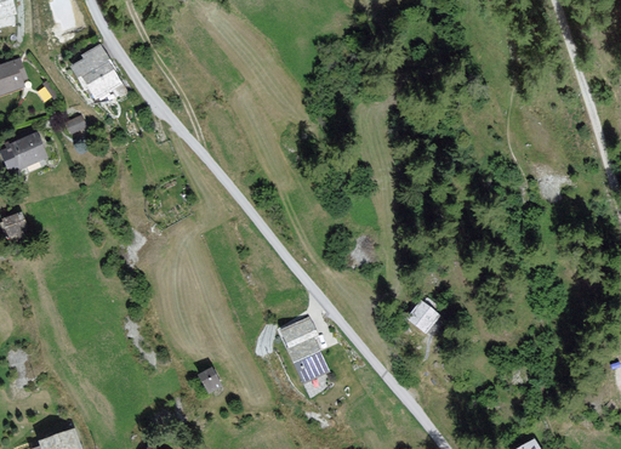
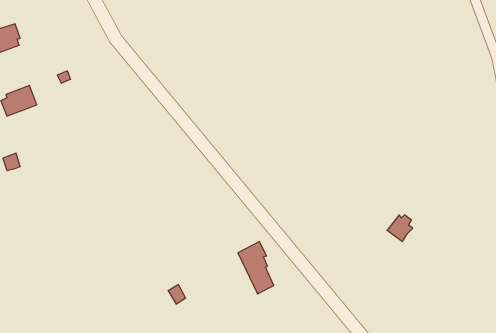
building: [72,46,119,95] -> none
building: [406,300,437,331] -> [387,215,413,242]

